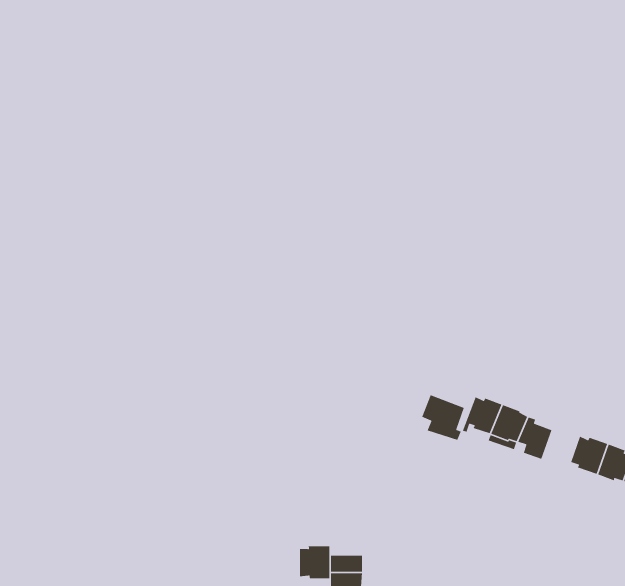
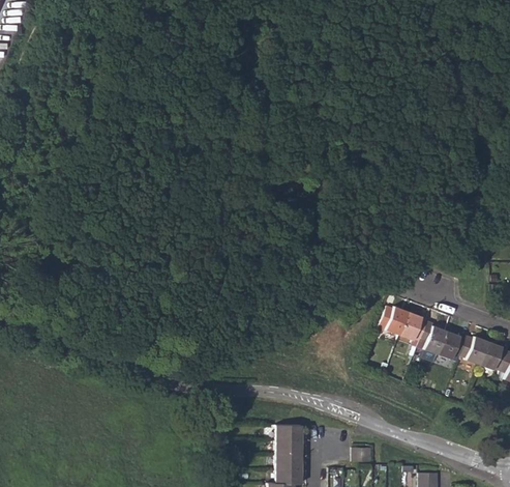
building: [421,394,465,441] -> none
building: none -> [439,331,468,357]
building: [299,545,330,579] -> none

